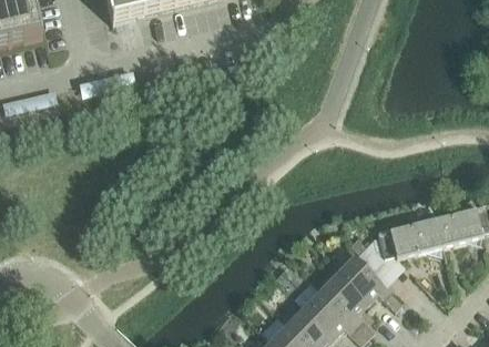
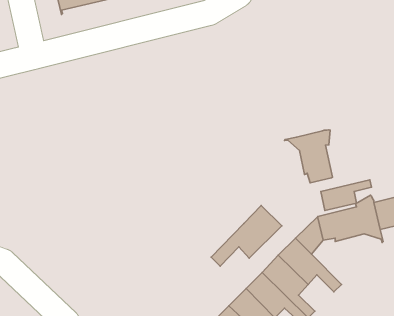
building: none -> [285,130,333,183]
building: none -> [321,180,372,210]
building: none -> [211,206,282,266]

